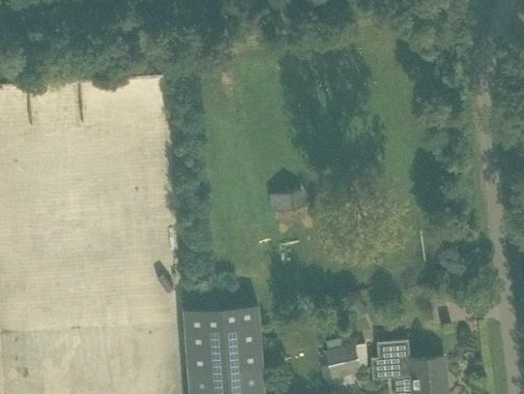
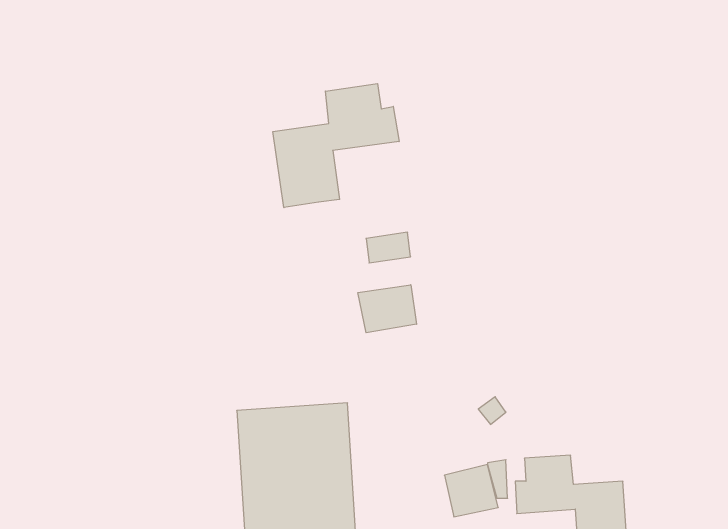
building: none -> [273,84,399,208]
building: none -> [358,285,417,333]

